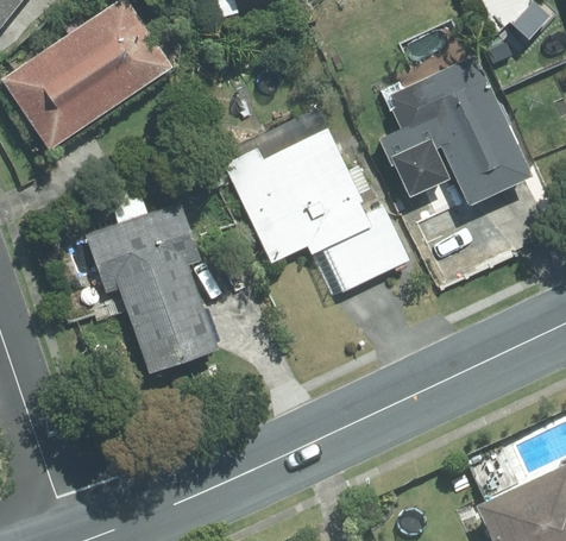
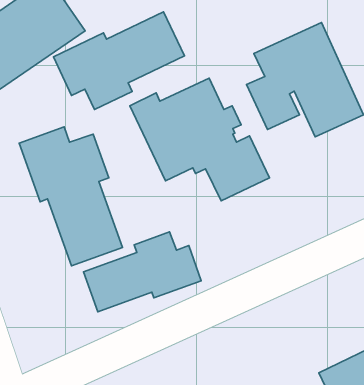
building: none -> [53,12,185,109]
building: none -> [84,232,201,312]

